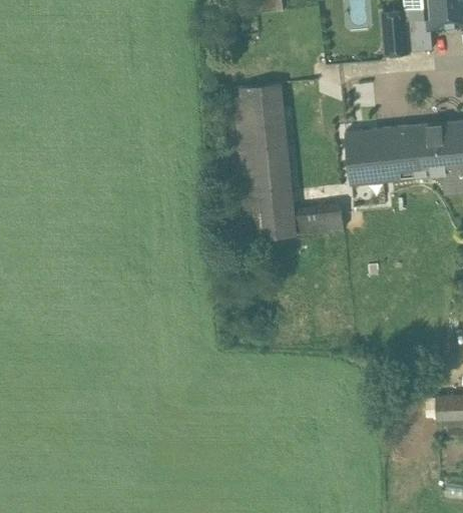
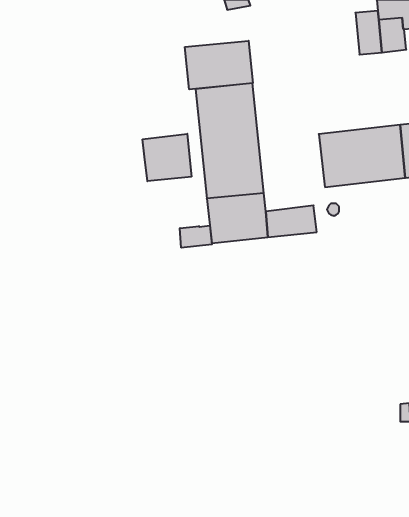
building: none -> [185,41,253,89]
building: none -> [143,134,191,181]
building: none -> [180,226,212,248]

